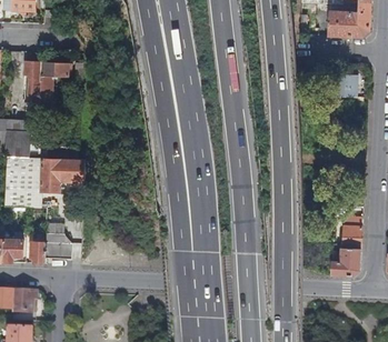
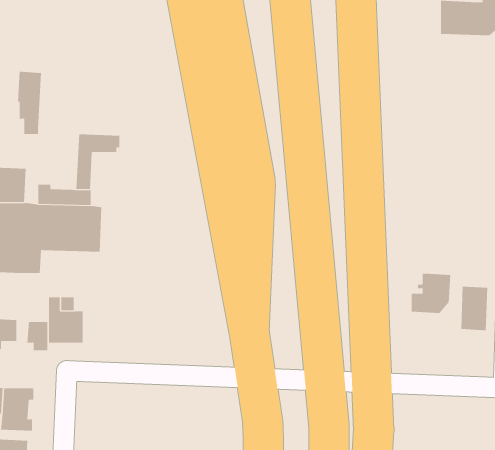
building: [39,62,71,102] -> [75,134,120,190]
building: [334,76,357,95] -> none
building: [332,247,361,275] -> [411,273,451,313]

